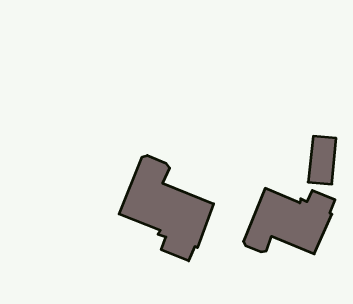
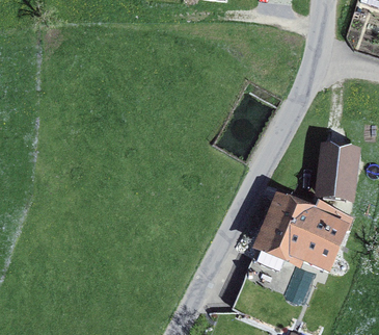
building: [119,155,214,261] -> none

